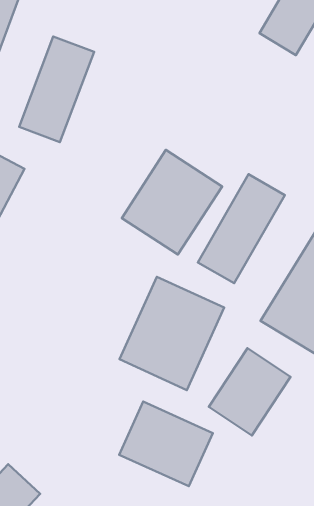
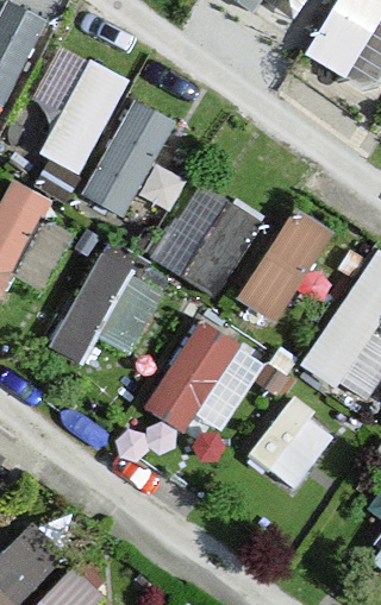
building: none -> [82,97,175,216]
building: none -> [63,258,160,363]
building: [119,402,213,486] -> none

